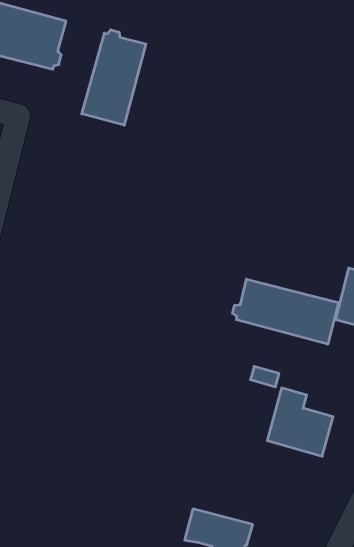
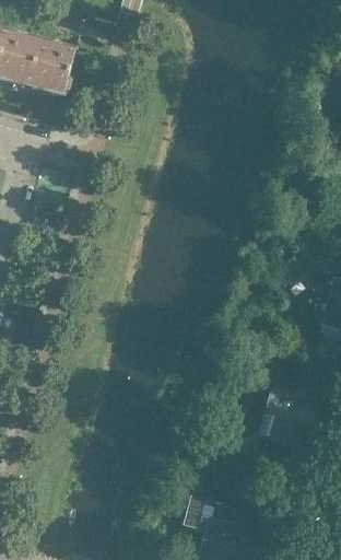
building: [82,30,146,125] -> none
building: [232,279,338,344] -> none

